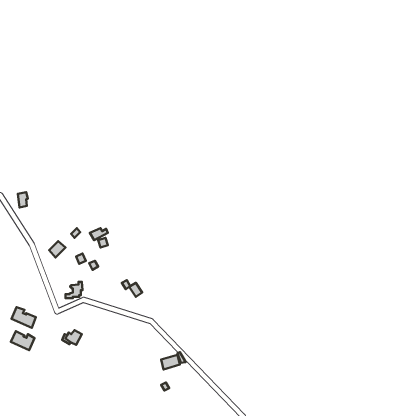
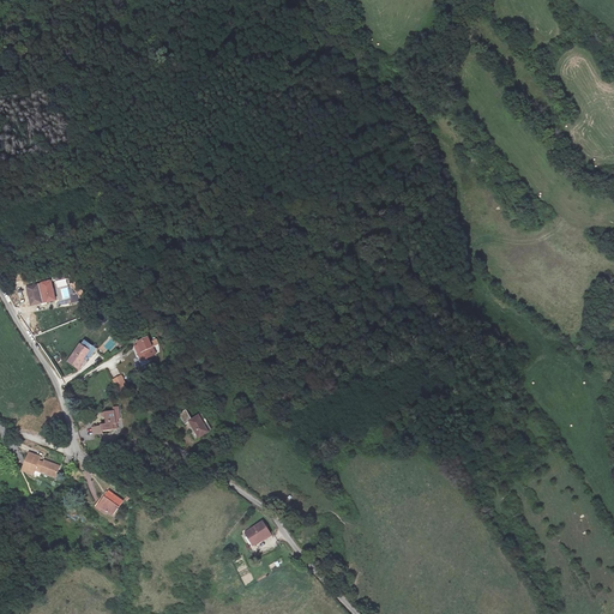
building: [11,331,35,350] -> none

